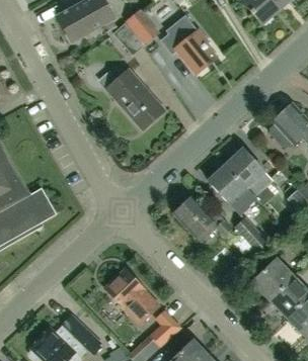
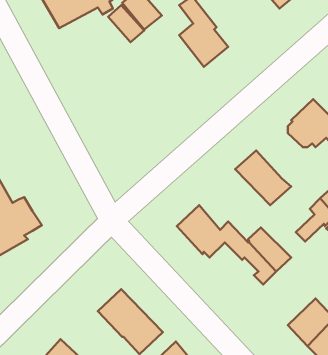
building: [112,77,164,129] -> none
building: [207,164,256,214] -> none
building: [251,258,293,299] -> none

